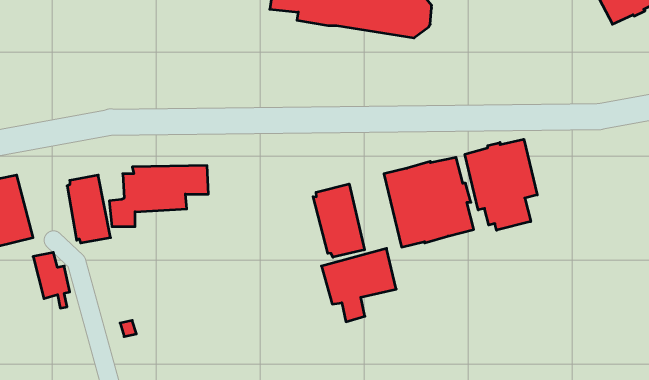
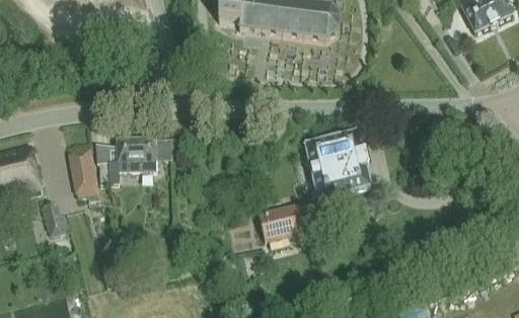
building: [465,139,537,230] -> none
building: [313,184,365,257] -> none

